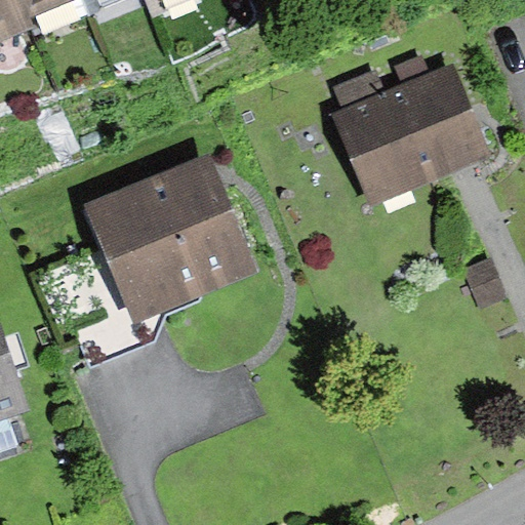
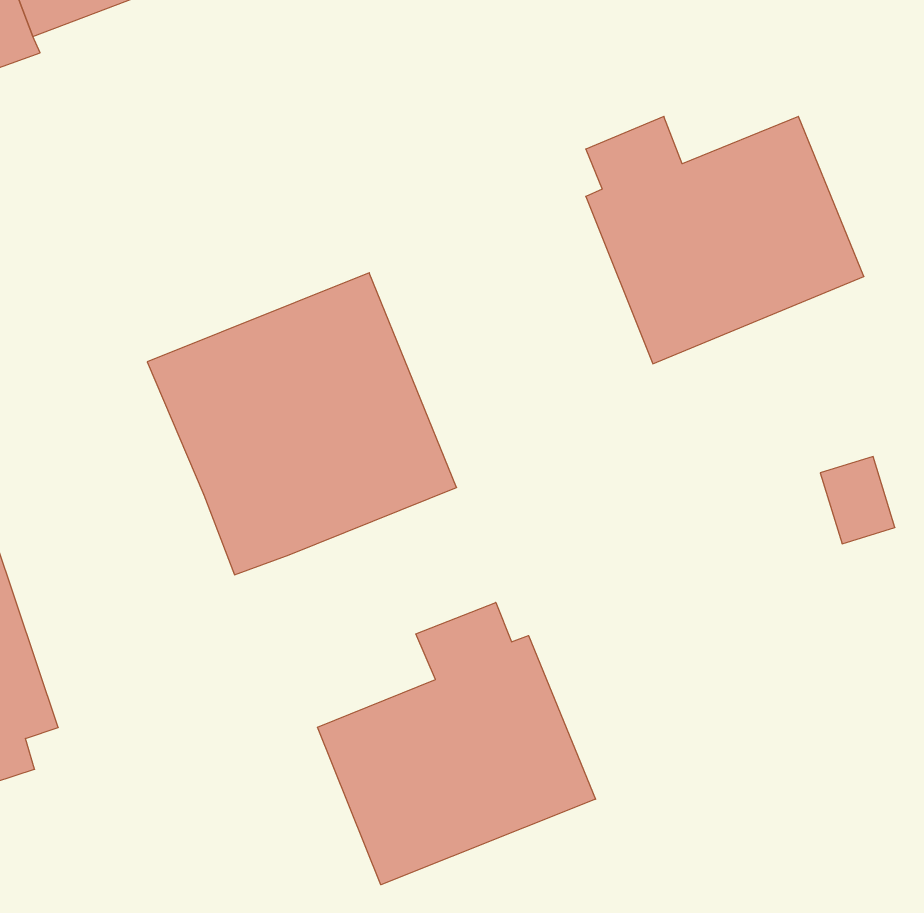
building: none -> [318,602,596,885]

